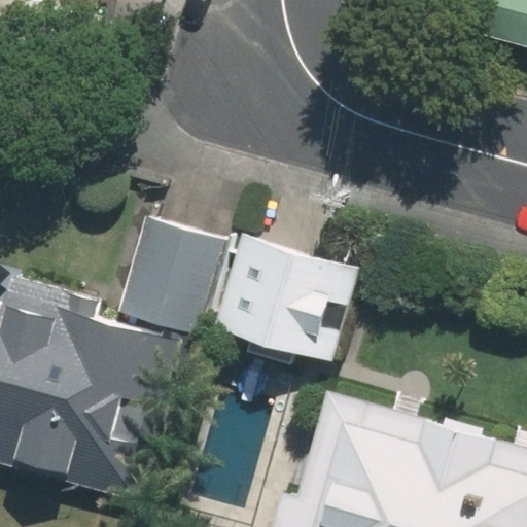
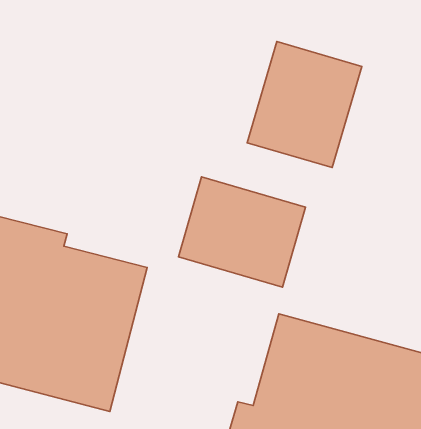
building: none -> [247,42,362,168]
building: [113,218,219,333] -> none

